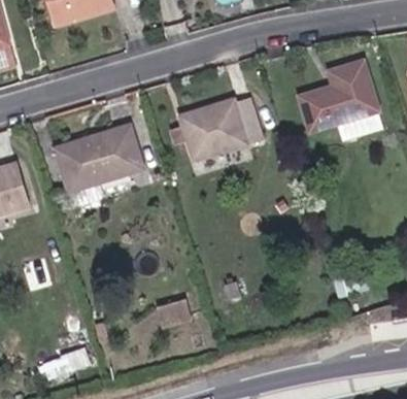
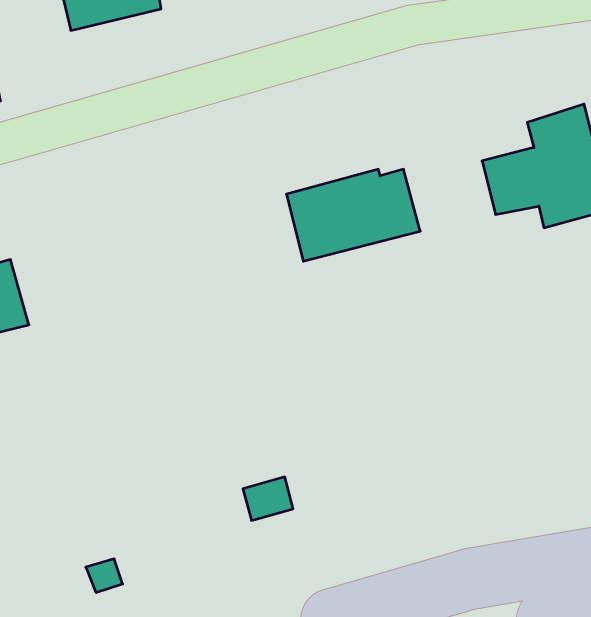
building: [55,130,138,208] -> none

